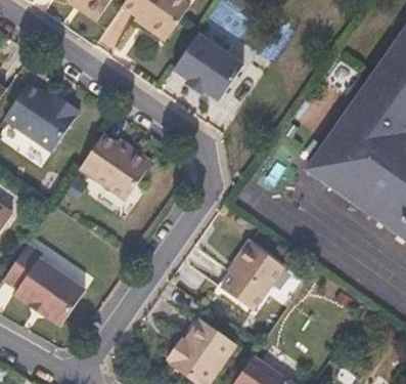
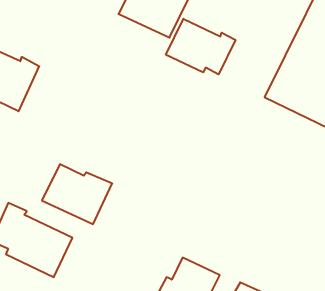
building: none -> [166,19,235,74]
building: [83,130,156,196] -> [42,164,112,224]
building: [220,241,283,312] -> none

